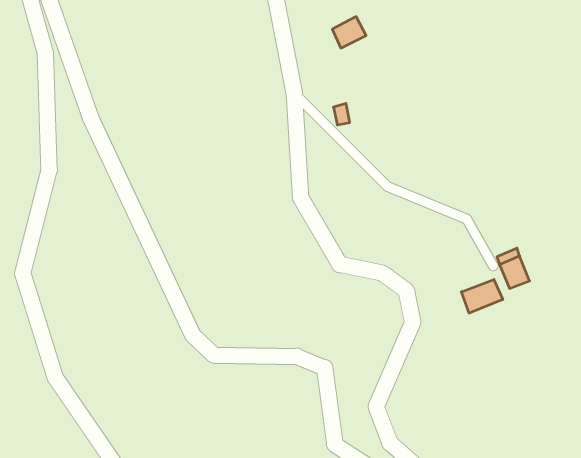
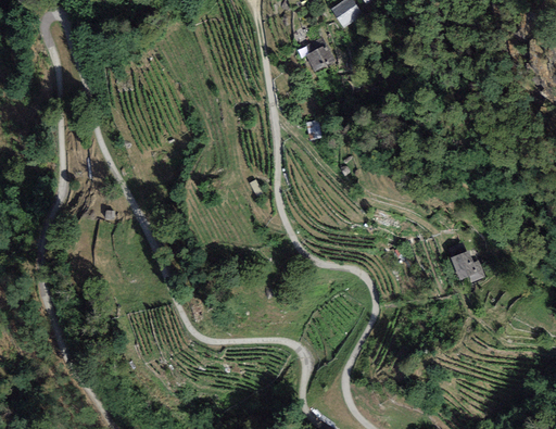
building: [461,279,503,313] -> none

